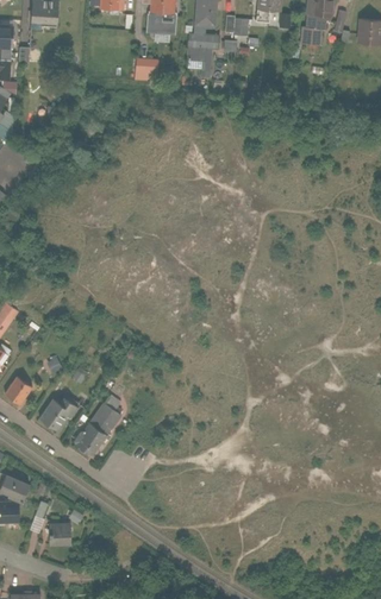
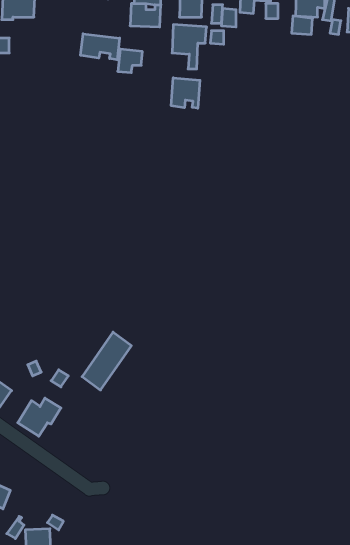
building: none -> [81,34,120,60]
building: none -> [171,78,200,108]
building: [74,402,121,458] -> [82,332,131,390]

